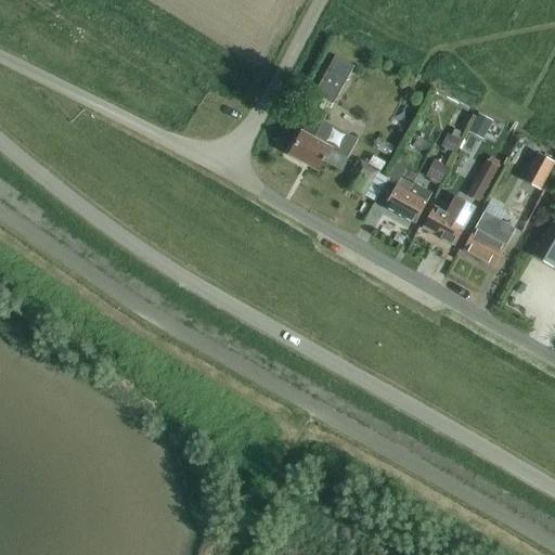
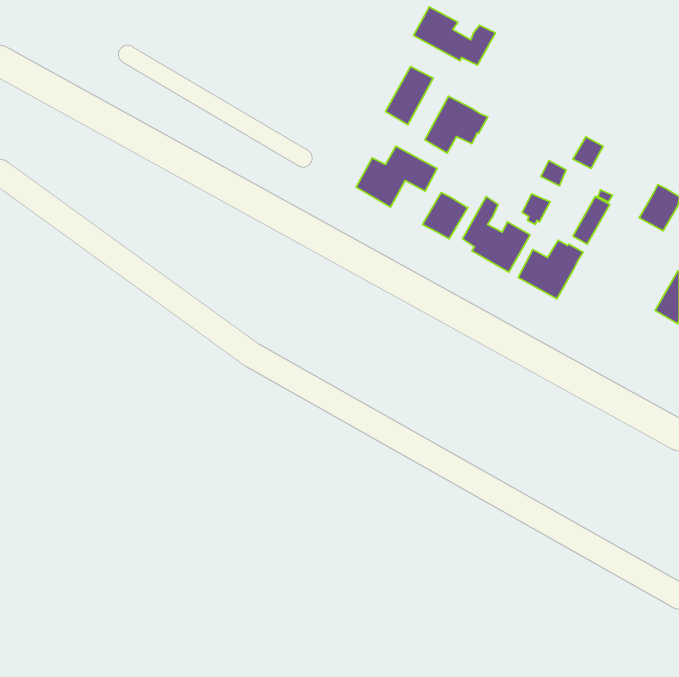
building: none -> [414,7,496,65]
building: none -> [425,96,488,153]
building: [463,209,516,266] -> none

